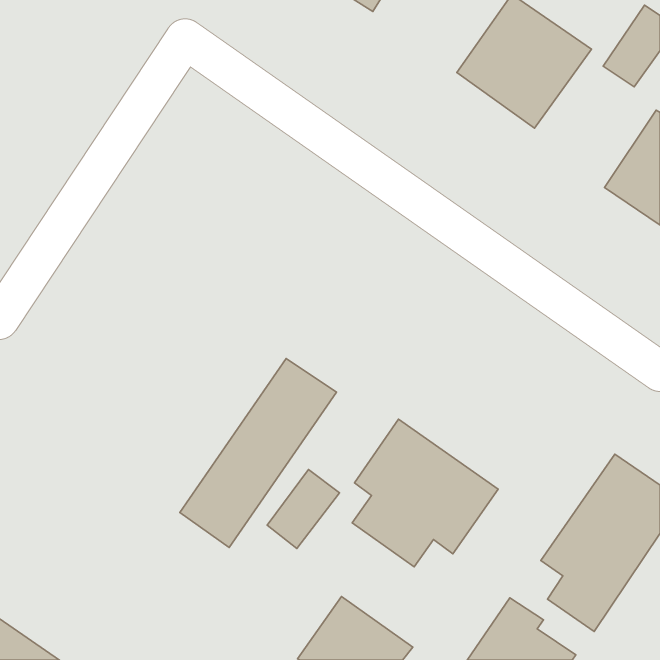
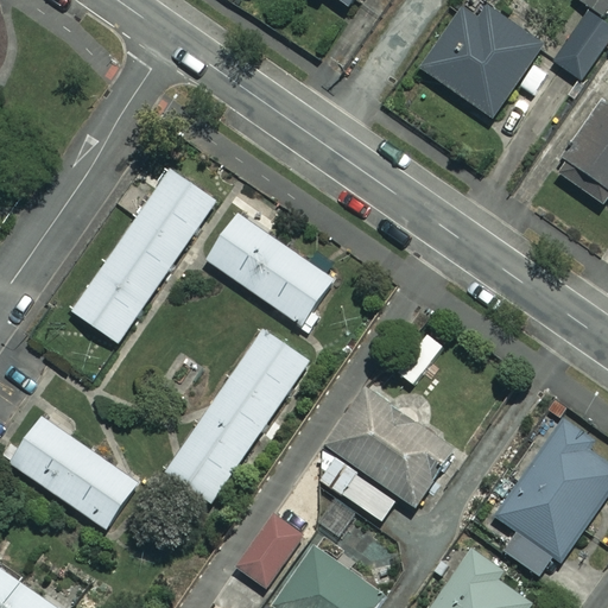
building: none -> [71,167,216,342]
building: none -> [204,211,335,325]
building: none -> [10,416,135,527]
building: [267,469,340,548] -> [236,515,303,588]

